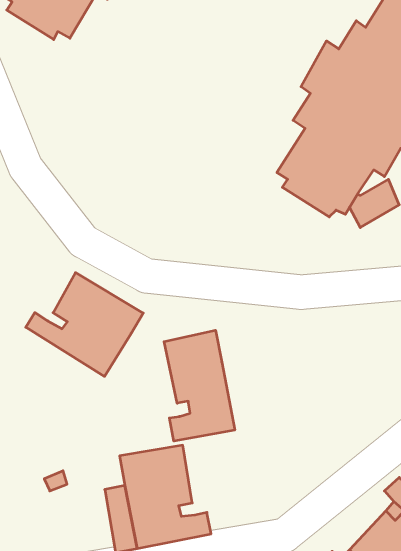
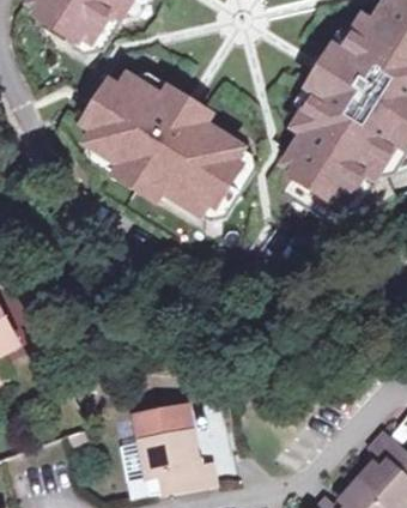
building: none -> [75,74,233,211]
building: [26,273,143,376] -> none
building: [164,330,235,441] -> none

